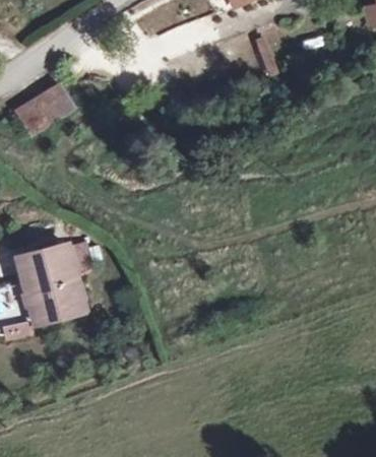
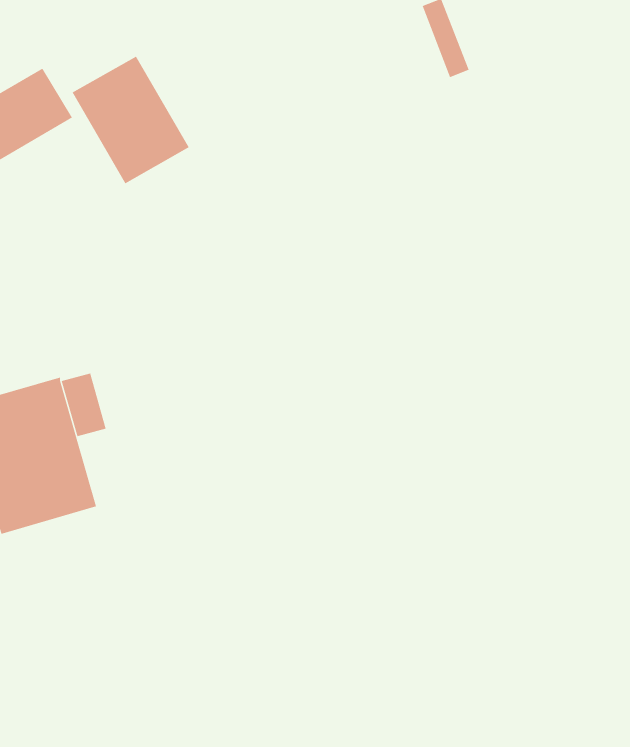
building: none -> [72,56,190,184]

